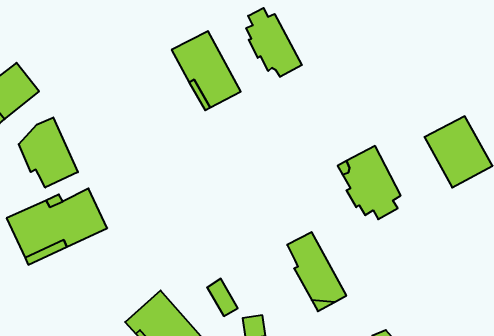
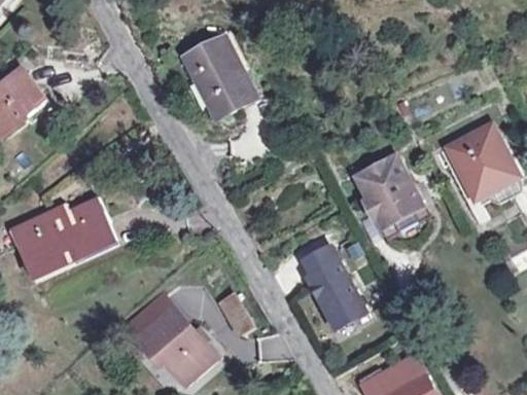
building: [246,8,302,77] -> none
building: [19,117,78,188] -> none

